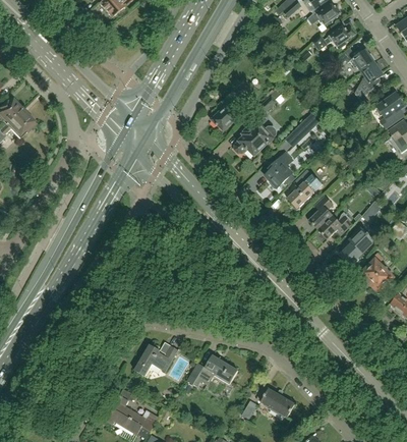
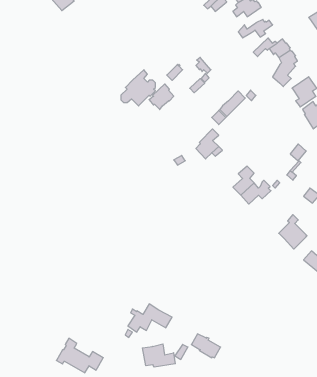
building: [235,114,275,156] -> [121,70,155,106]
building: [287,169,322,208] -> none
building: [341,228,373,264] -> none
building: [134,342,178,378] -> none
building: none -> [142,344,175,367]

